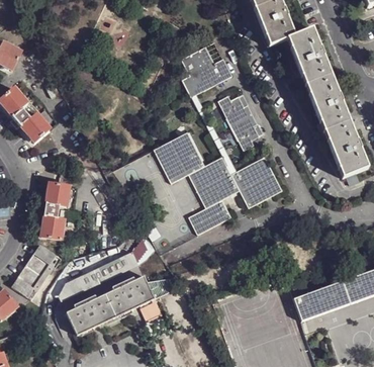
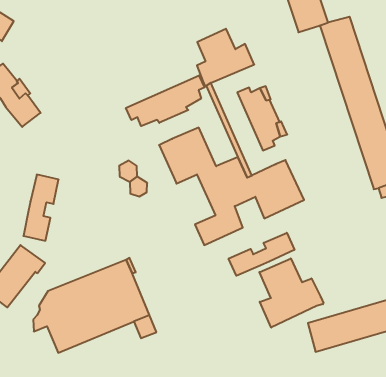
building: none -> [126,75,205,126]
building: none -> [229,233,294,276]
building: none -> [259,258,324,328]

